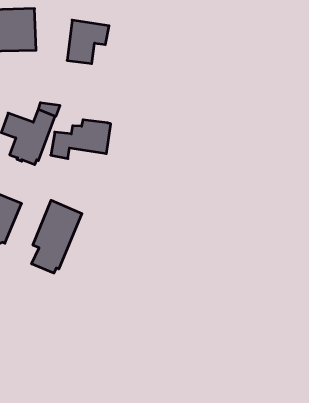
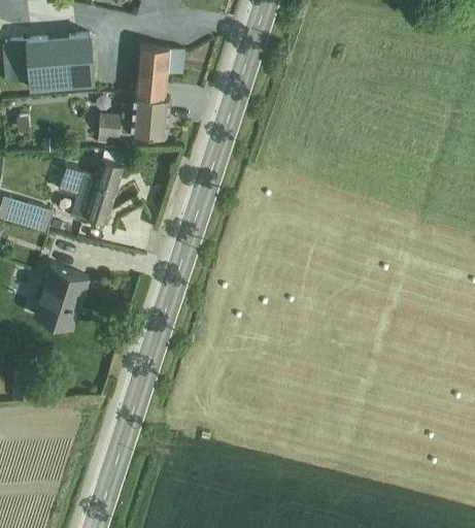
building: [51,120,111,159] -> [97,96,169,145]
building: [32,200,82,273] -> none

